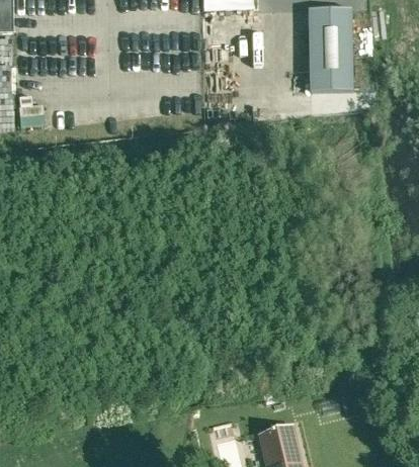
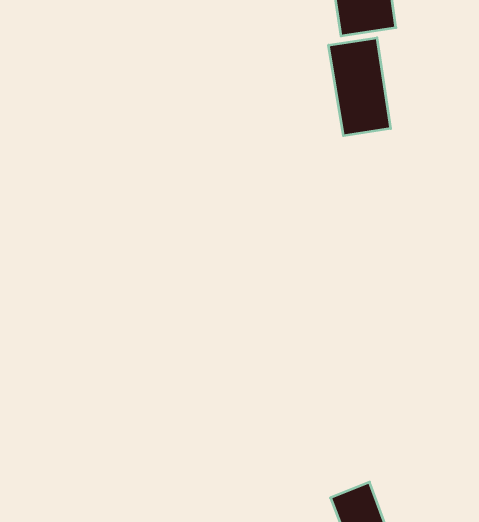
building: none -> [329,38,391,136]

